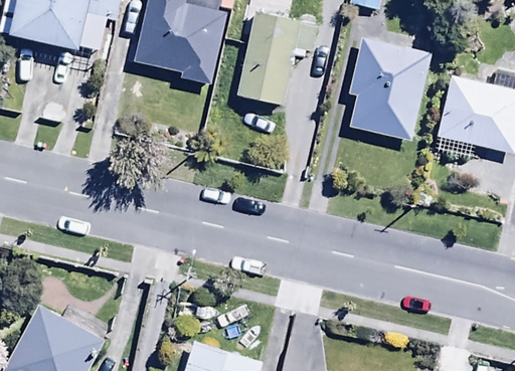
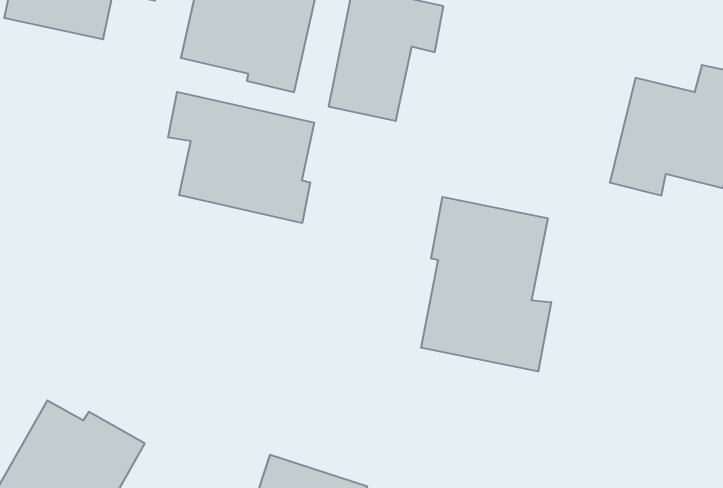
building: [349,37,431,142] -> none
building: none -> [168,92,314,223]
building: none -> [421,197,551,371]

